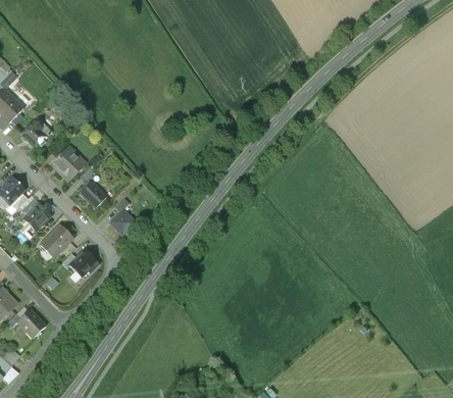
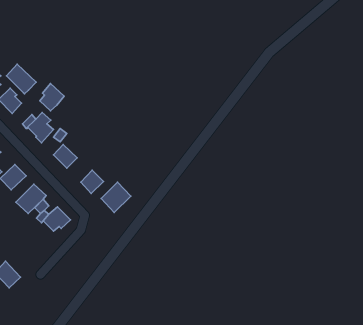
building: none -> [7,64,36,94]
building: none -> [40,84,64,111]
building: none -> [101,182,131,213]

